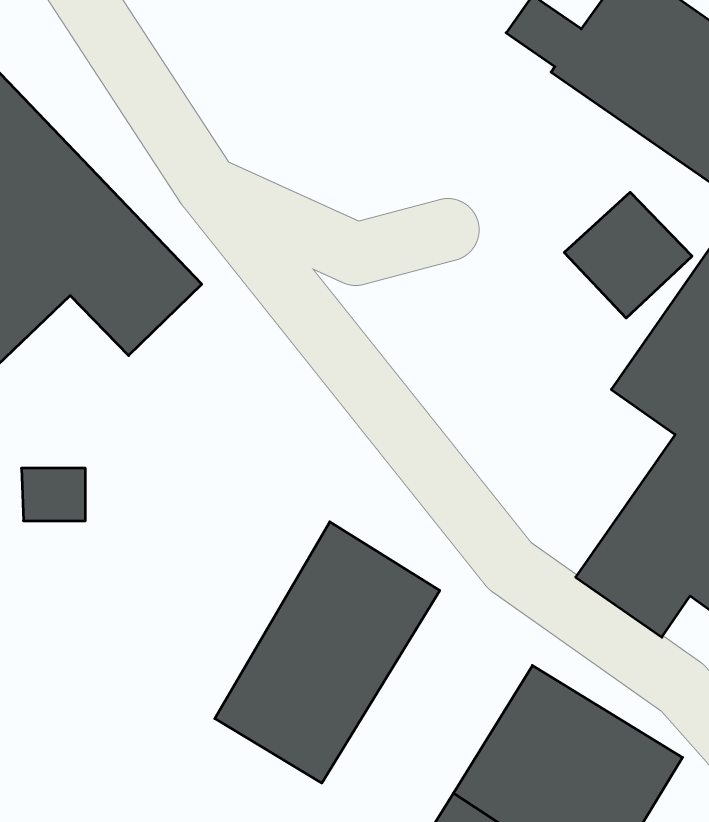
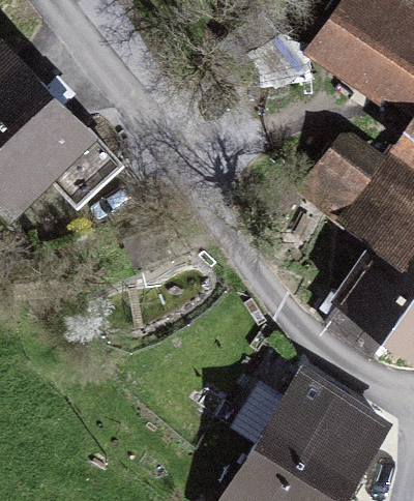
building: [215,522,440,783] -> none

